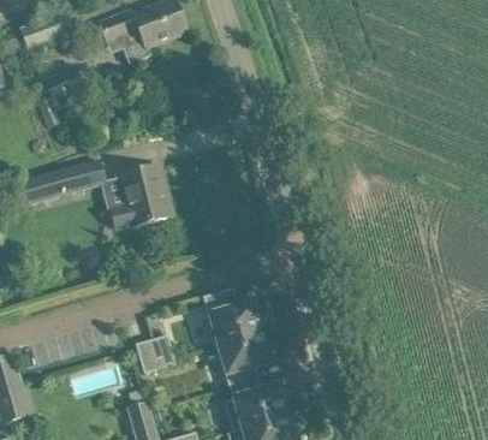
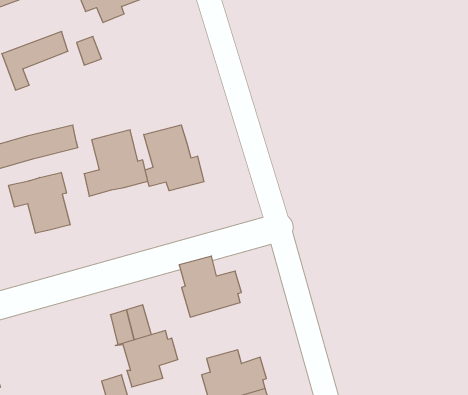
building: none -> [144,125,204,191]
building: none -> [9,172,70,233]
building: [213,332,273,386] -> [115,331,178,387]

